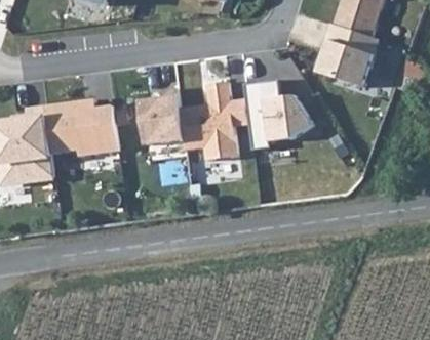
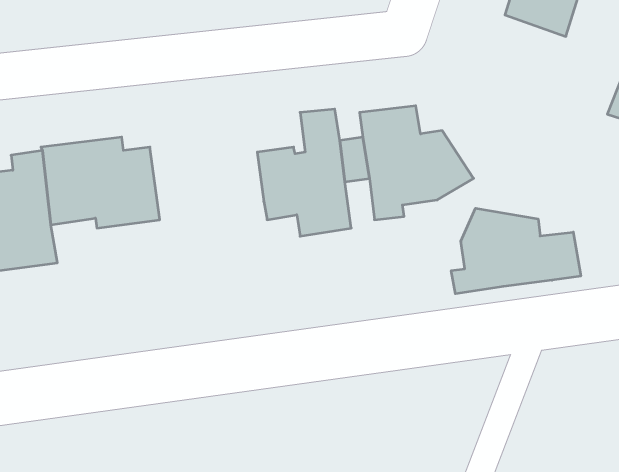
building: [317,24,380,87] -> none
building: [141,89,184,144] -> none
building: none -> [451,208,581,294]

